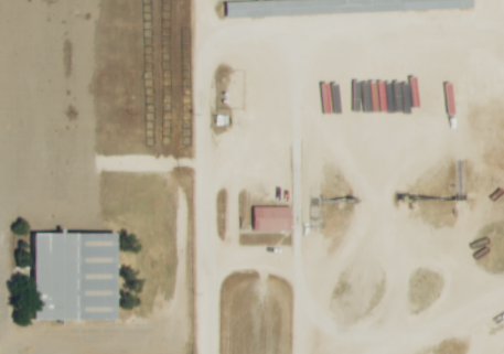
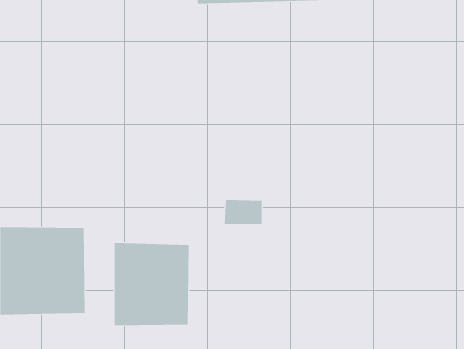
building: none -> [114,242,189,326]

